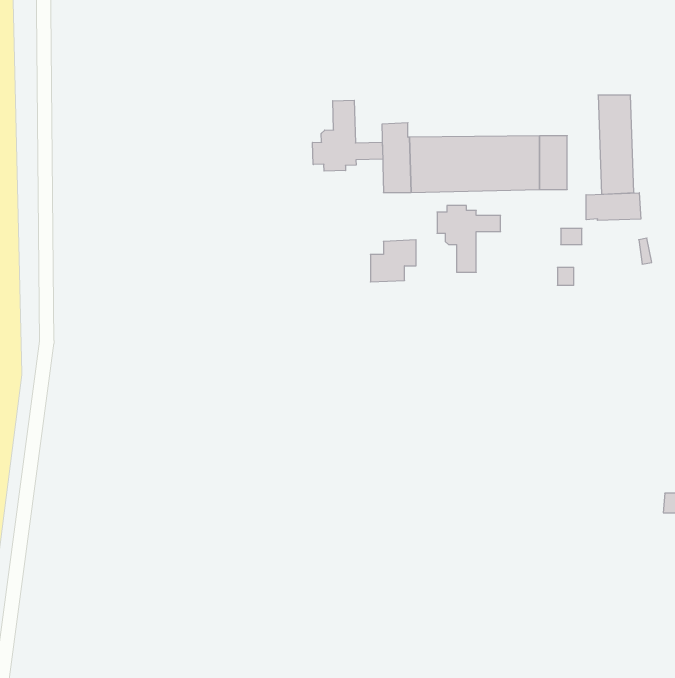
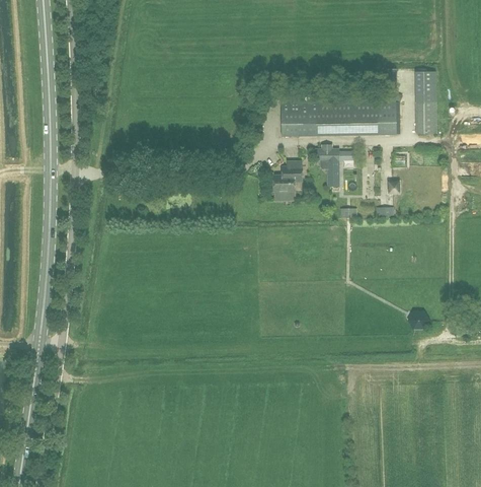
building: [313,100,383,171] -> none
building: [586,193,641,220] -> none

